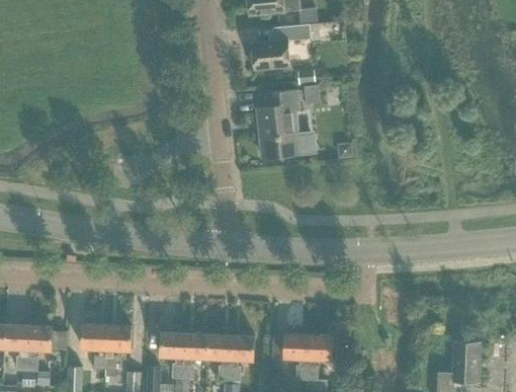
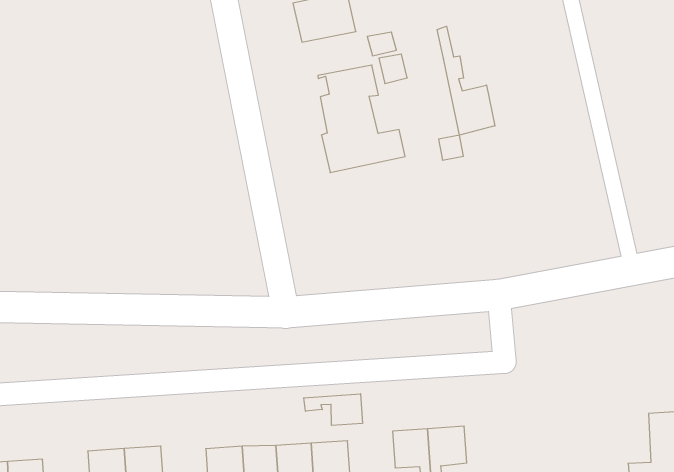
building: none -> [437,26,495,135]
building: none -> [304,394,362,425]

